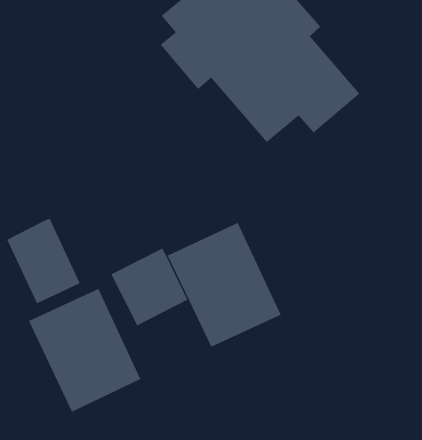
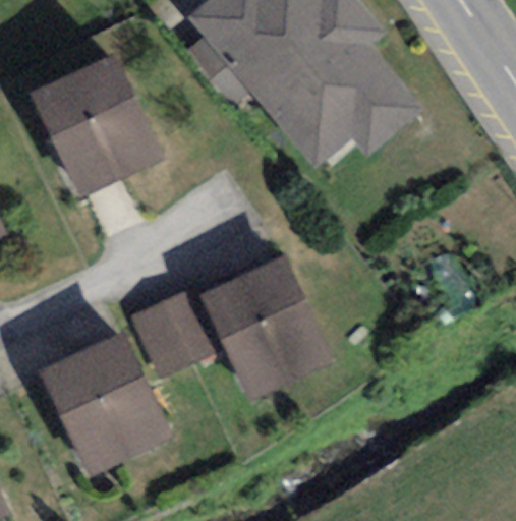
building: none -> [28,52,164,198]
building: [7,218,81,304] -> none

